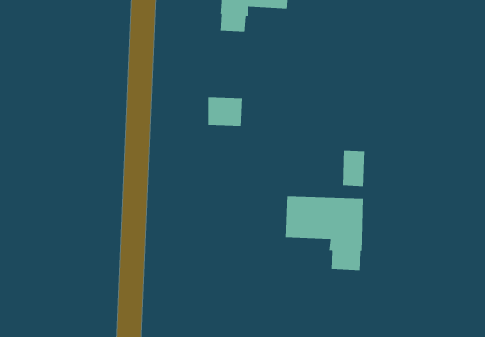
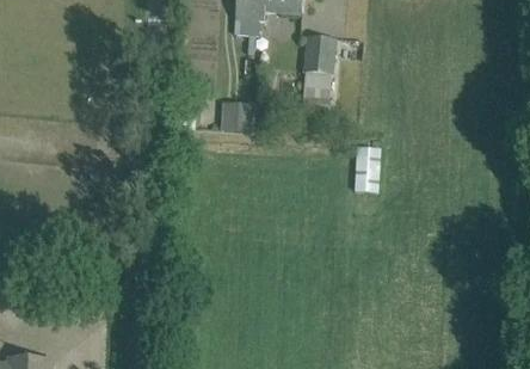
building: none -> [302,35,337,97]
building: [285,196,364,271] -> none

